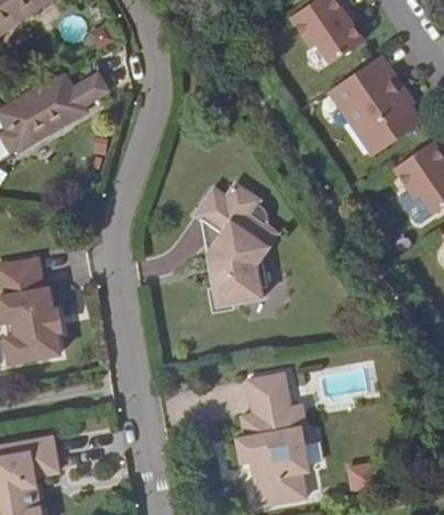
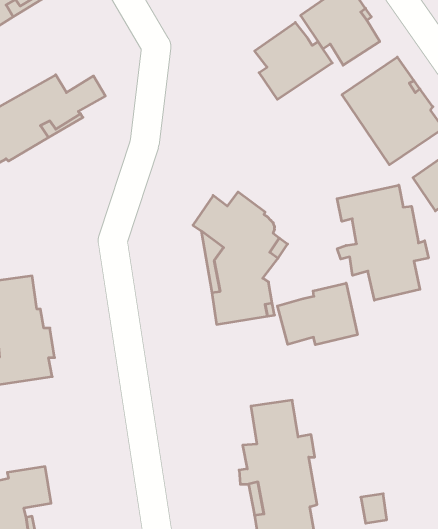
building: none -> [255,22,332,99]
building: none -> [337,185,428,300]
building: none -> [277,283,357,345]

